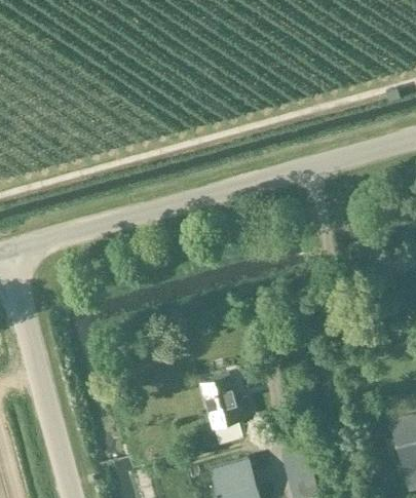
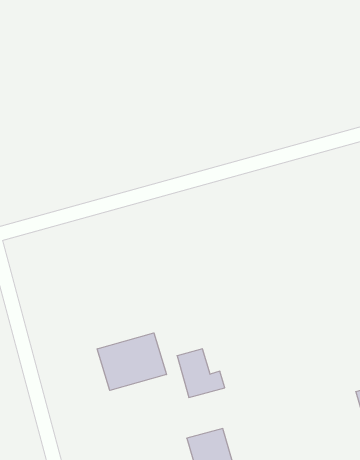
building: none -> [97,333,166,390]

